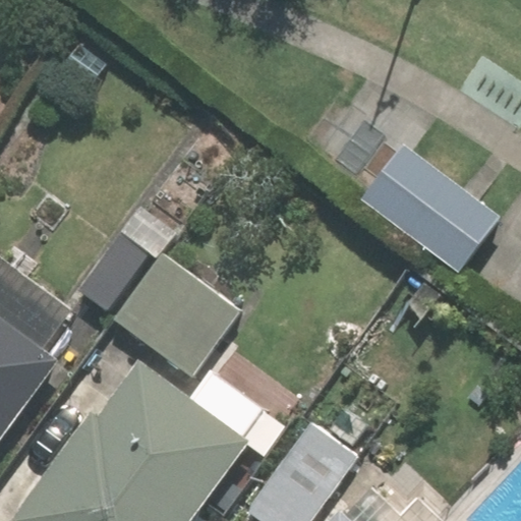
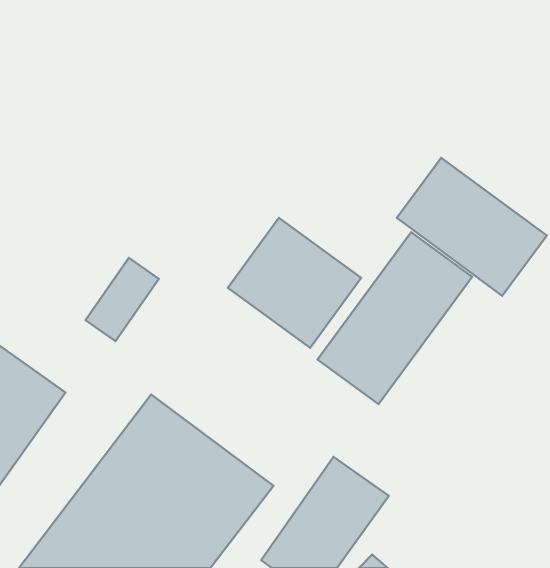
building: none -> [317,232,472,404]
building: [114,256,236,375] -> [228,218,361,348]

